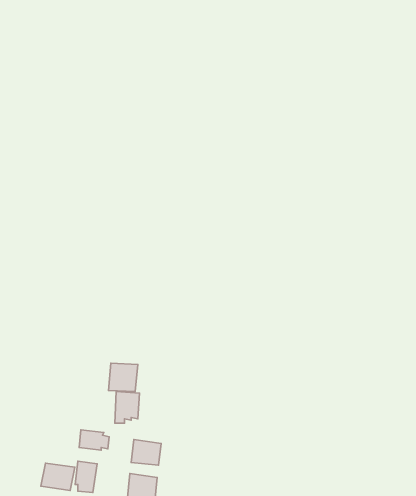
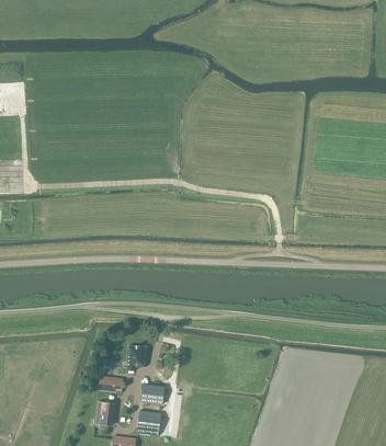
building: [108,363,138,392] -> none
building: [41,463,75,490] -> none

